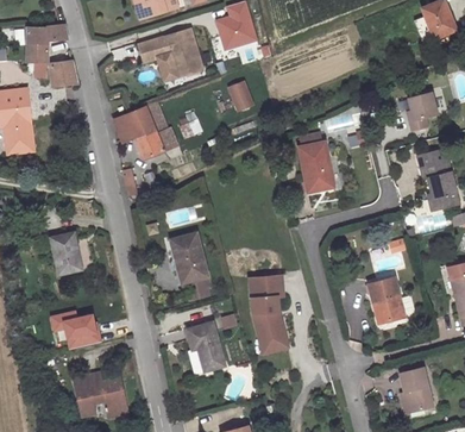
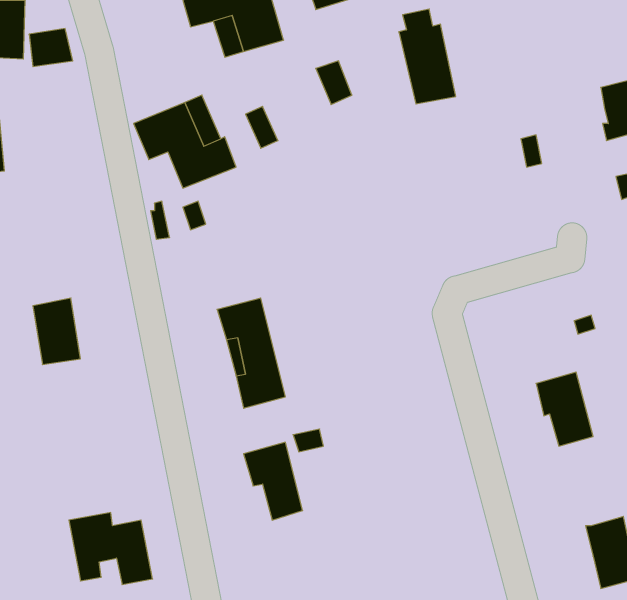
building: [299,133,334,193] -> [399,9,456,104]
building: [250,275,294,357] -> none
building: [55,308,103,348] -> none

